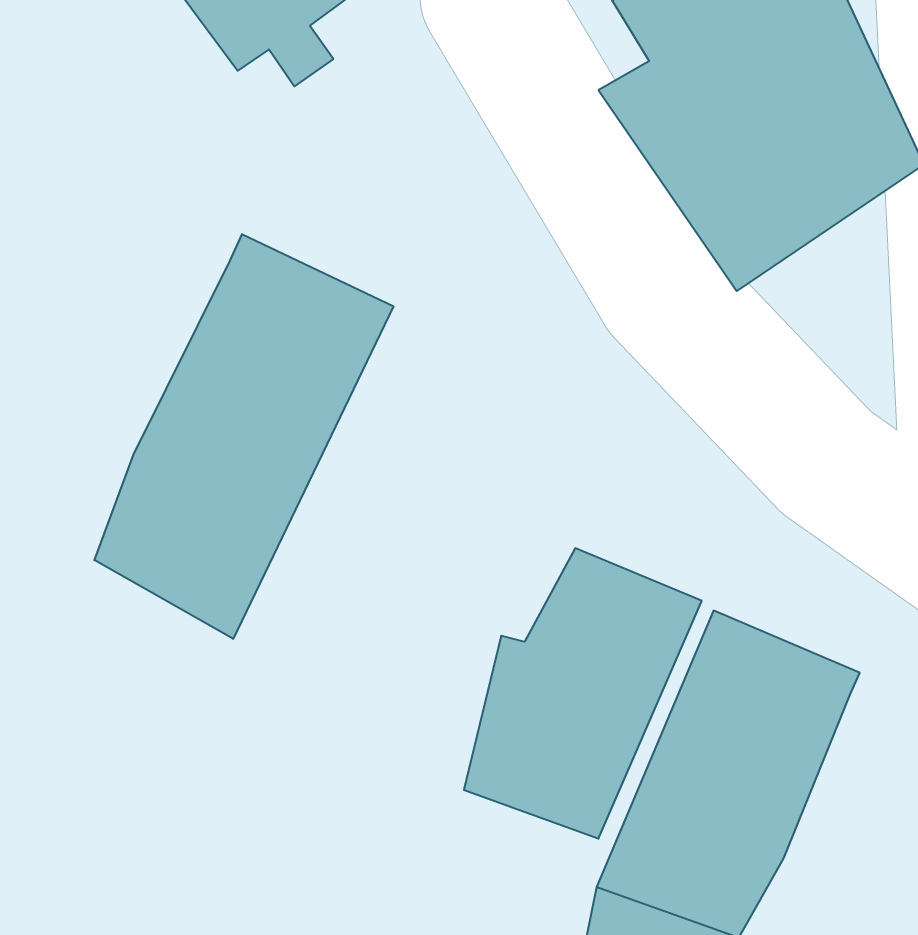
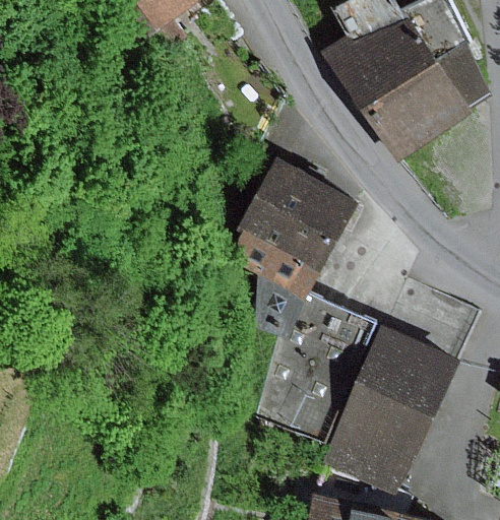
building: [94,234,393,639] -> none
building: none -> [227,155,362,340]

